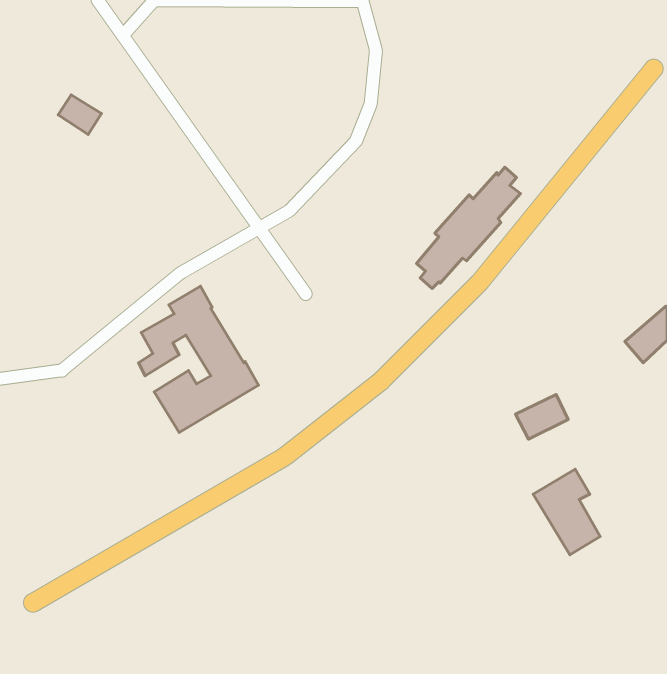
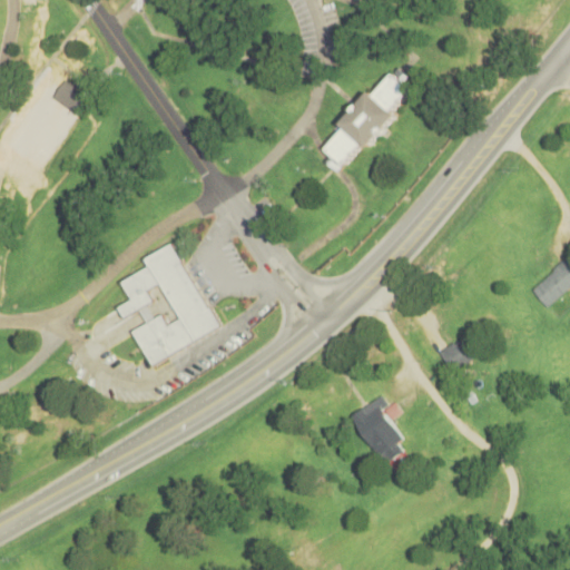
building: [416,167,521,288] -> [323,68,411,170]
building: [533,469,600,555] -> [348,393,405,465]

